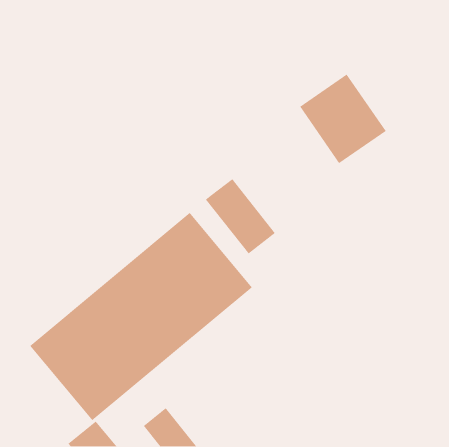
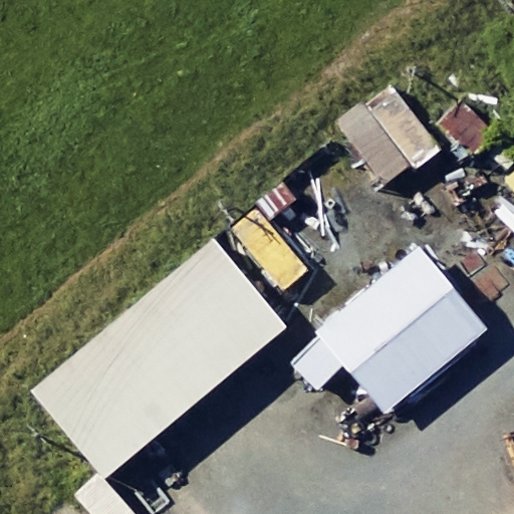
building: none -> [288,248,487,414]

